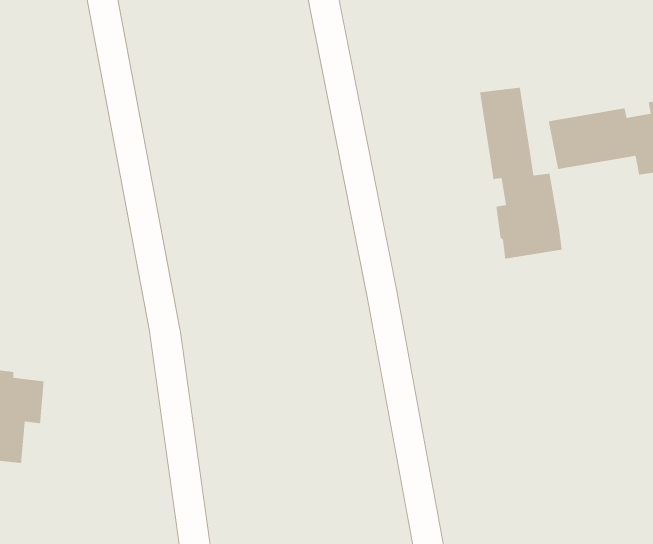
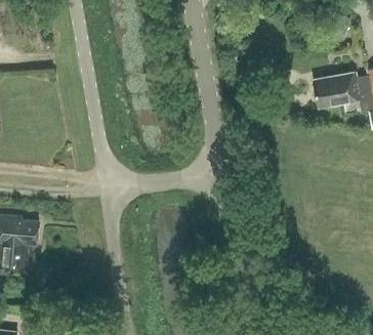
building: [479,87,563,259] -> none

